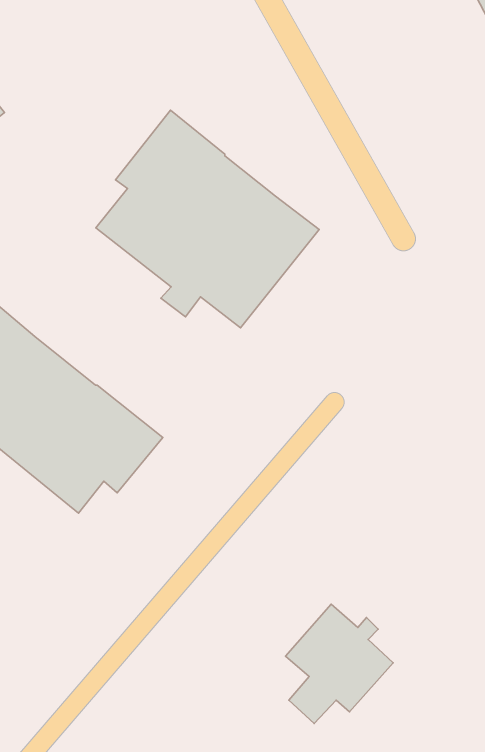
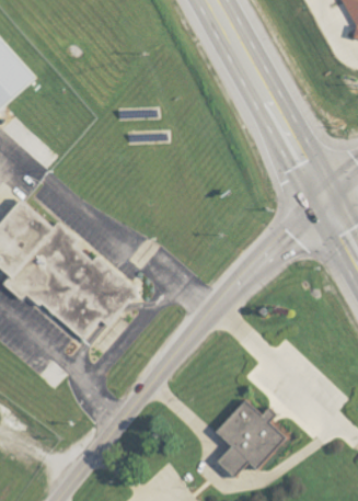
building: [96,110,319,328] -> none

